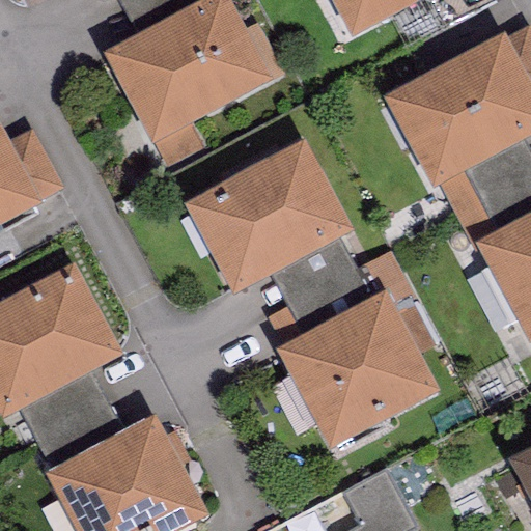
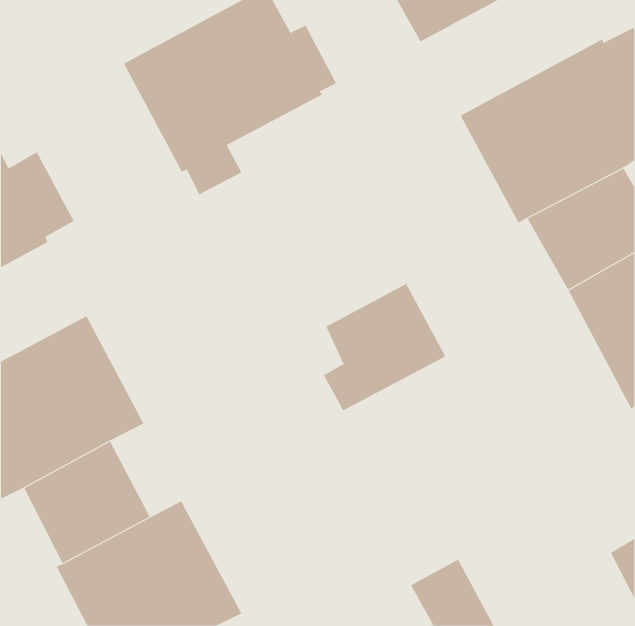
building: [184,138,354,294] -> none
building: [276,291,438,449] -> none

